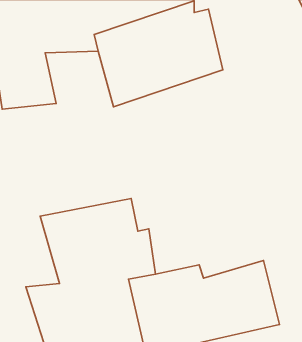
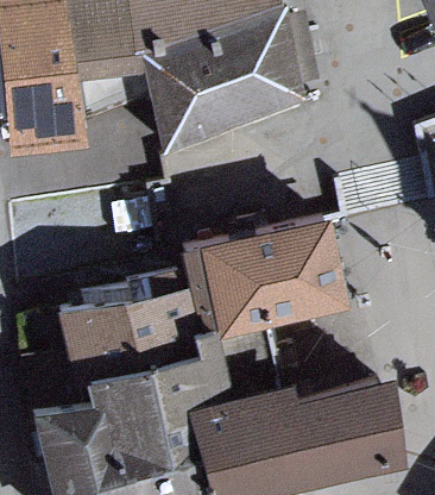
building: none -> [187,219,345,337]

